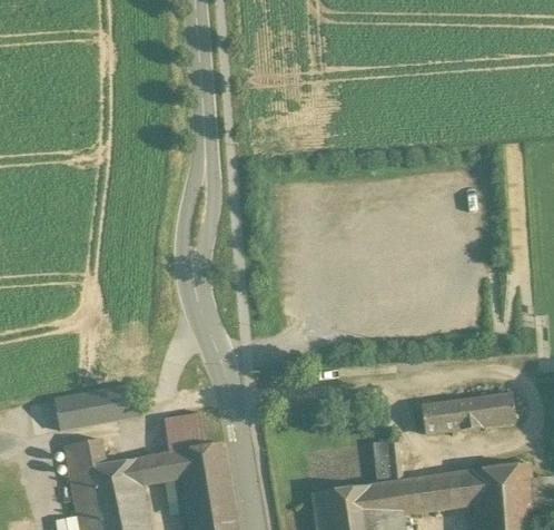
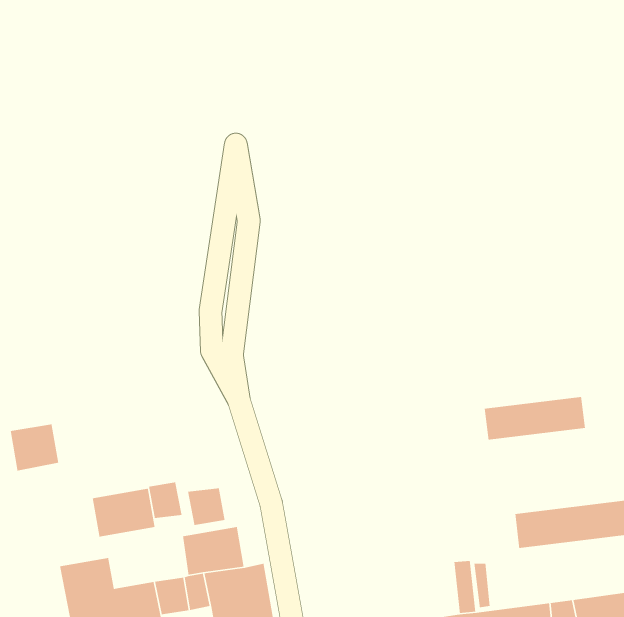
building: none -> [484,396,586,440]
building: none -> [148,481,182,519]
building: none -> [187,487,226,526]
building: [56,394,95,432] -> [10,423,59,472]

